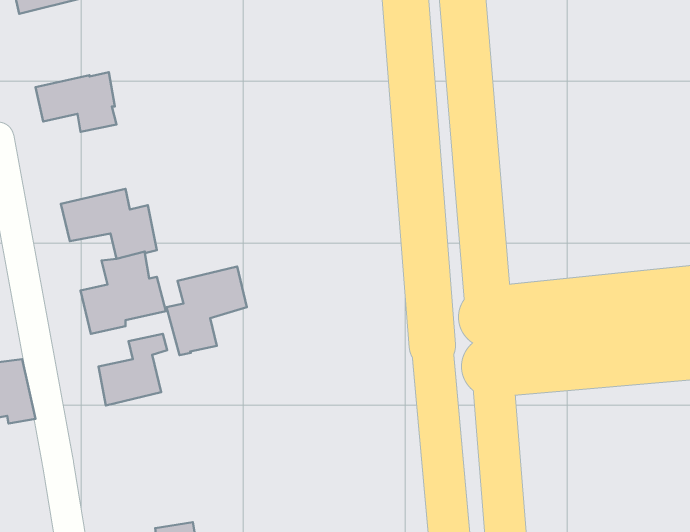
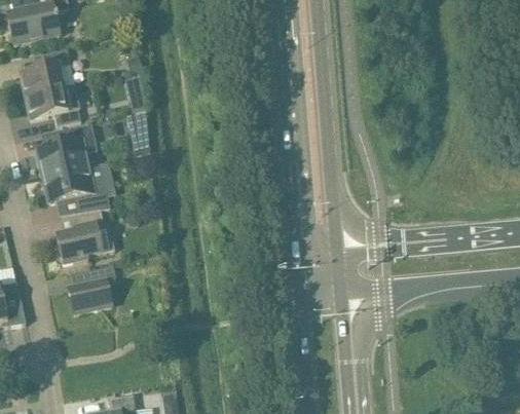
building: none -> [20,48,75,95]
building: none -> [36,121,96,175]
building: [167,266,247,355] -> none

